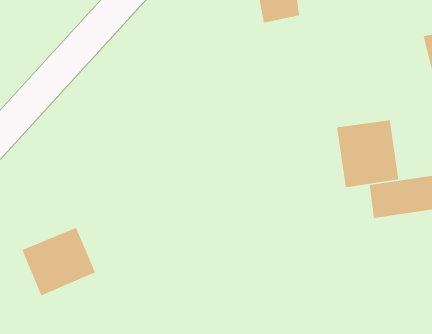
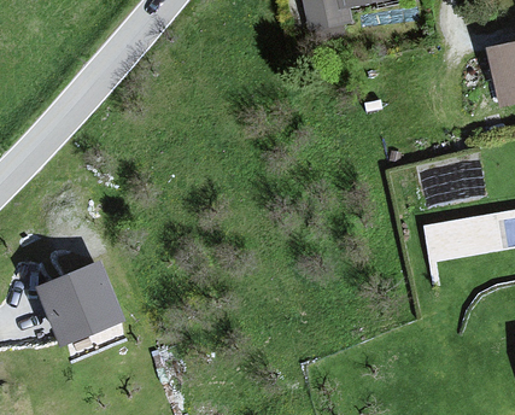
building: [336,119,399,188] -> none

